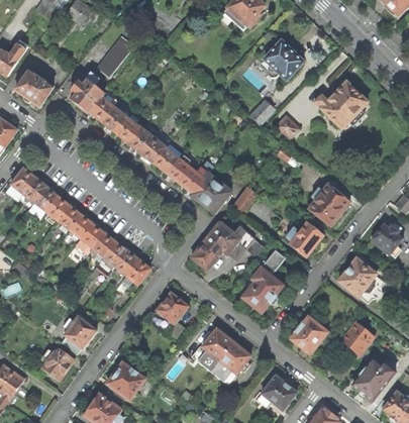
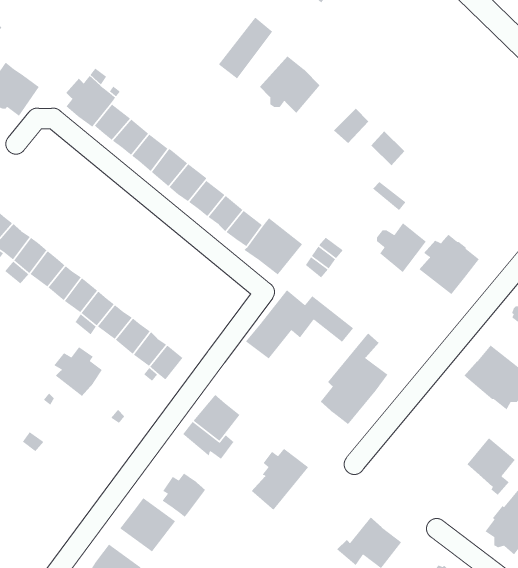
building: [95,34,132,77] -> [218,17,273,79]
building: [261,40,302,80] -> [259,55,321,114]
building: [313,82,367,128] -> none
building: [288,222,322,256] -> [376,222,427,273]
building: [63,313,96,347] -> [53,346,103,397]
building: [290,315,328,353] -> none
building: [210,341,251,384] -> none
building: none -> [161,472,206,518]
building: [42,346,74,379] -> none

